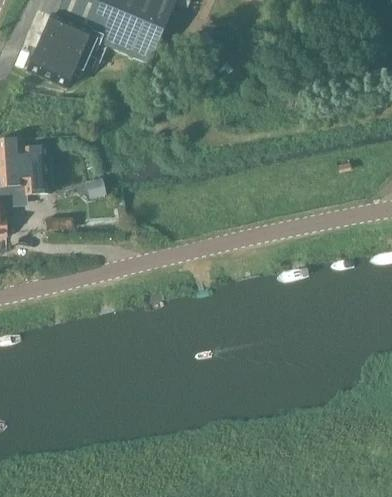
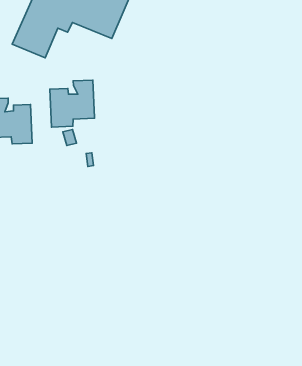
building: none -> [50,80,95,127]

